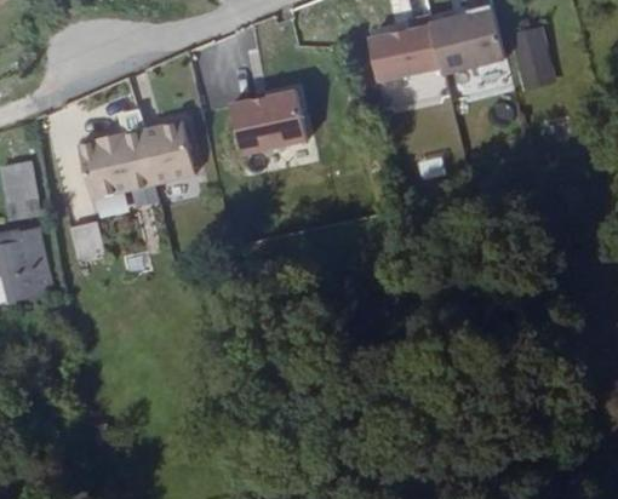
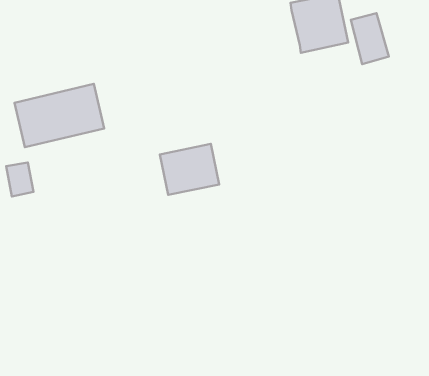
building: [371,24,445,84] -> none
building: [229,88,305,154] -> [160,144,219,195]

